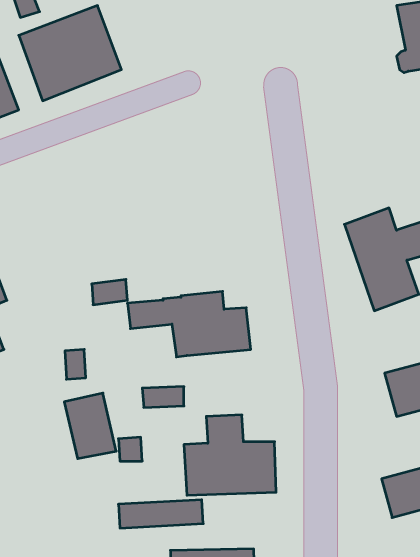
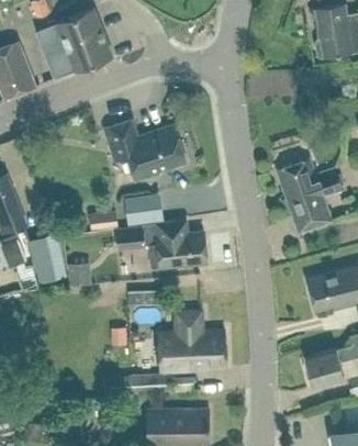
building: none -> [104,122,192,185]
building: none -> [124,193,163,225]
building: [64,393,116,459] -> [29,237,67,286]

